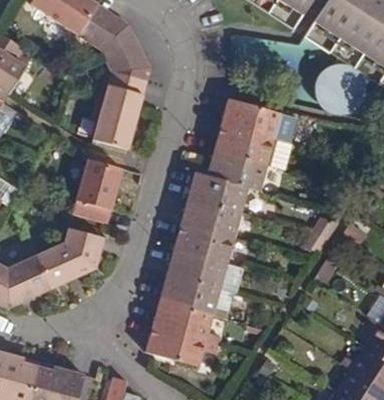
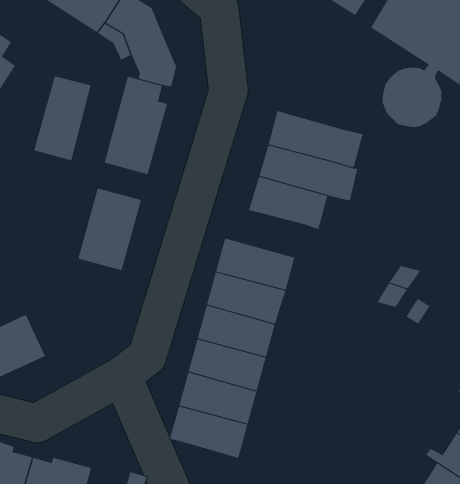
building: none -> [34,75,91,161]
building: [187,173,249,213] -> none
building: [35,228,105,288] -> none

